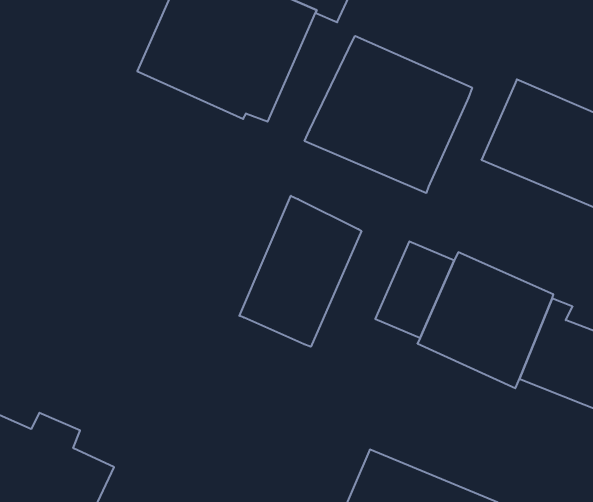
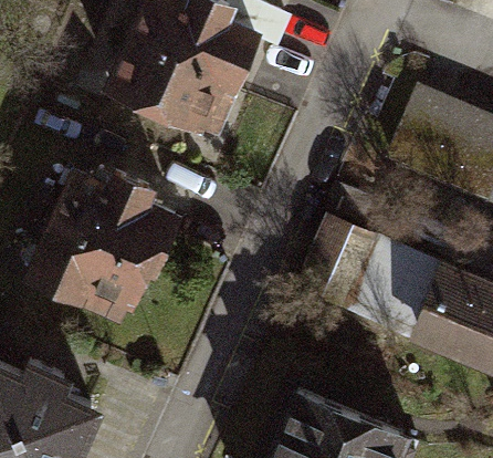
building: [305,36,472,193] -> none
building: none -> [32,176,177,319]
building: [239,196,361,347] -> none

